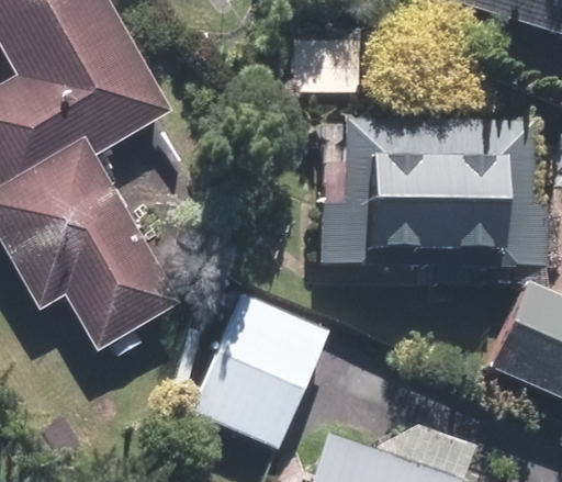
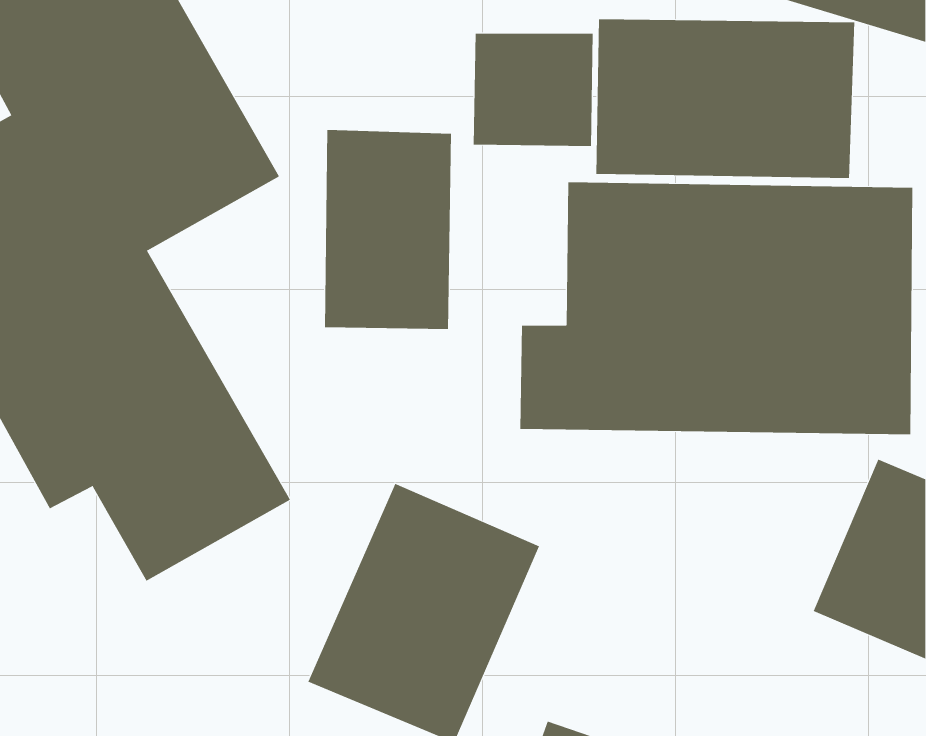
building: none -> [596,19,855,179]
building: none -> [325,129,451,330]

